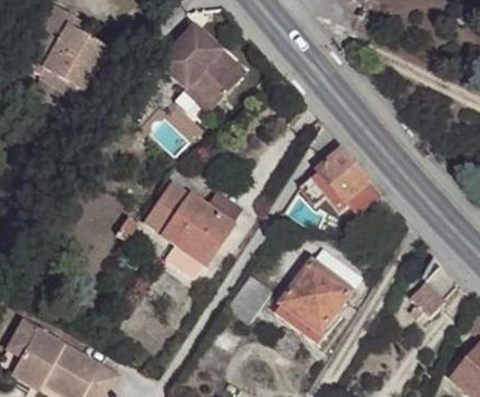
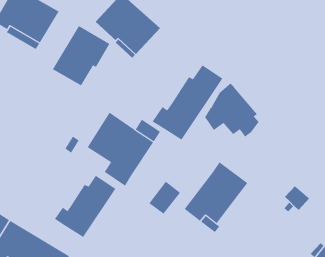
building: none -> [52,25,110,86]
building: none -> [152,64,223,141]
building: none -> [54,175,116,238]

